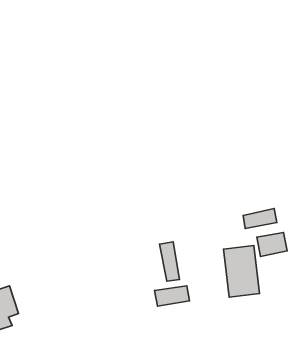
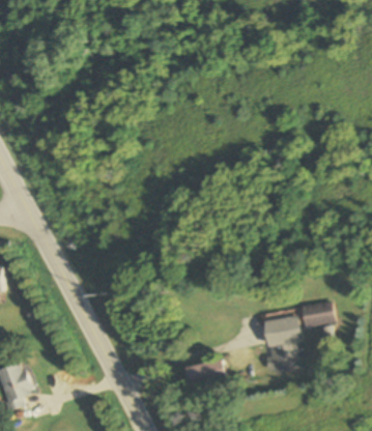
building: [243,209,277,229] -> none
building: [159,242,180,281] -> none

